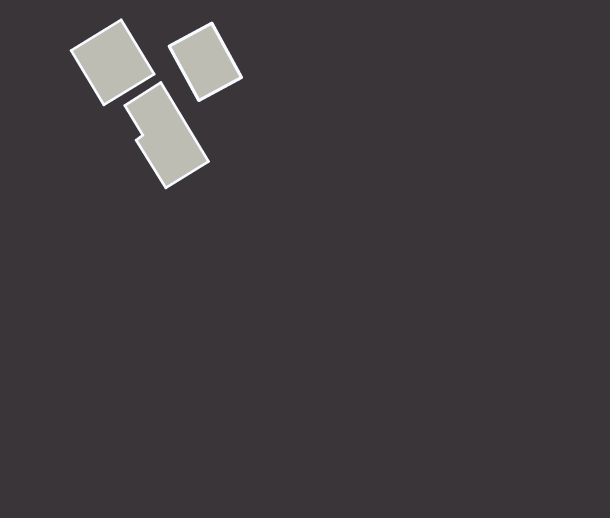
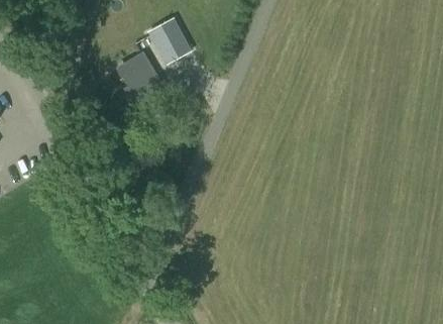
building: [71,20,154,105] -> none

